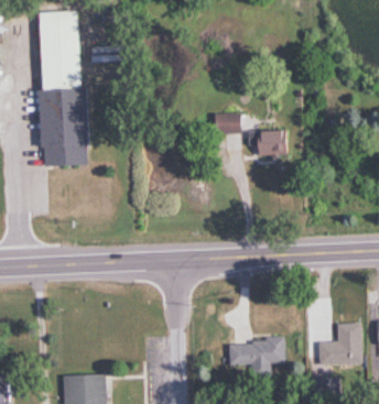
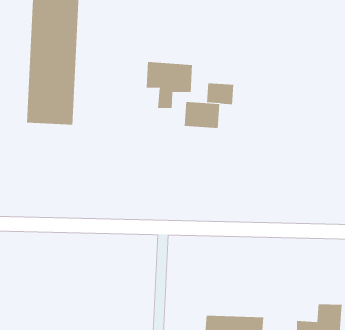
building: none -> [146,61,192,109]
building: [255,131,289,155] -> [184,102,220,129]

